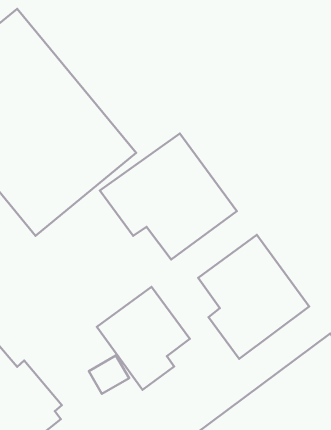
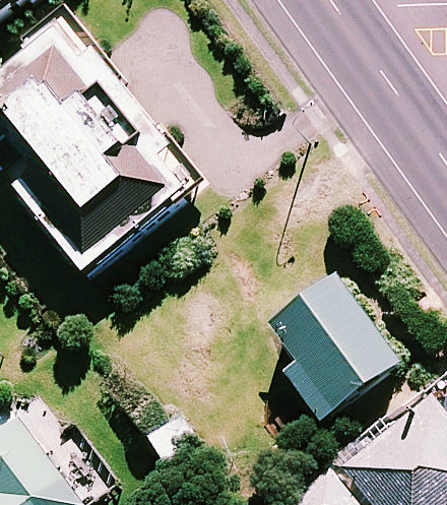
building: [100,133,237,259] -> none
building: [97,287,190,390] -> none

